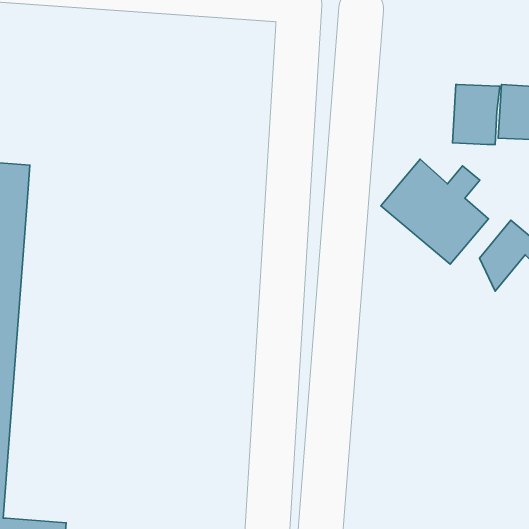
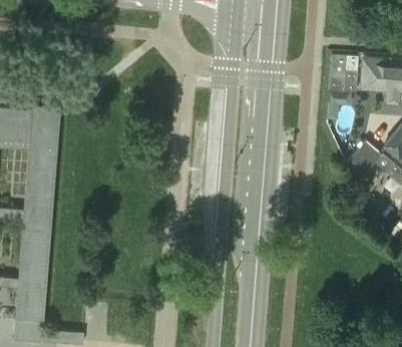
building: [381,159,488,264] -> none

